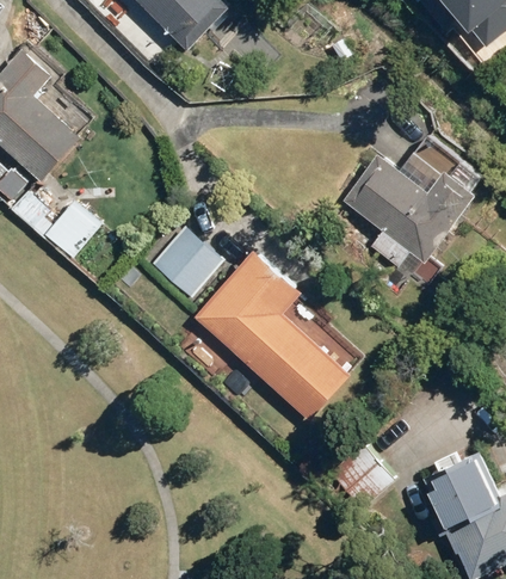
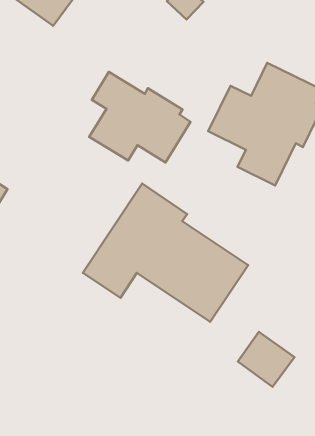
building: none -> [89,72,190,162]
building: [149,226,223,300] -> none

